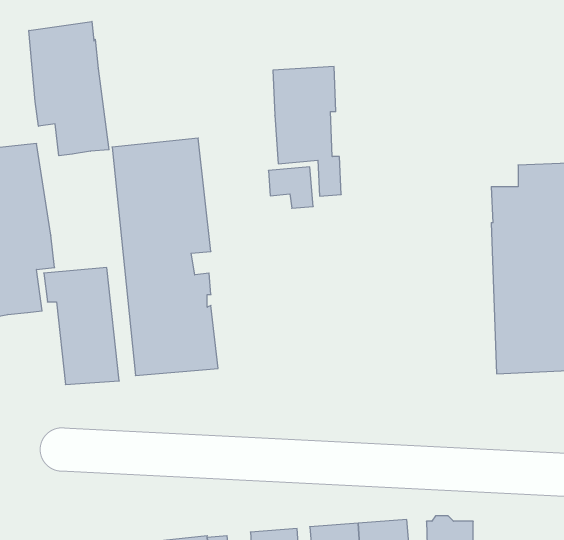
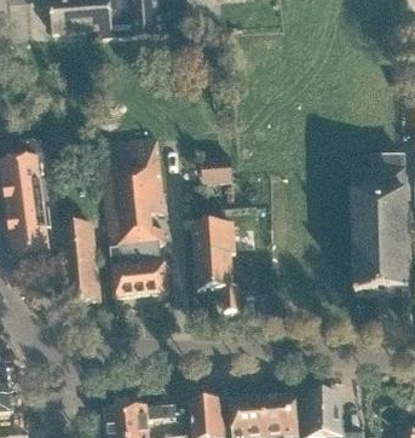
building: [29,21,109,156] -> none
building: [273,67,341,196] -> [191,223,237,310]

